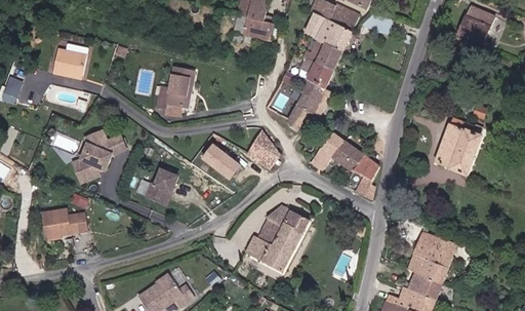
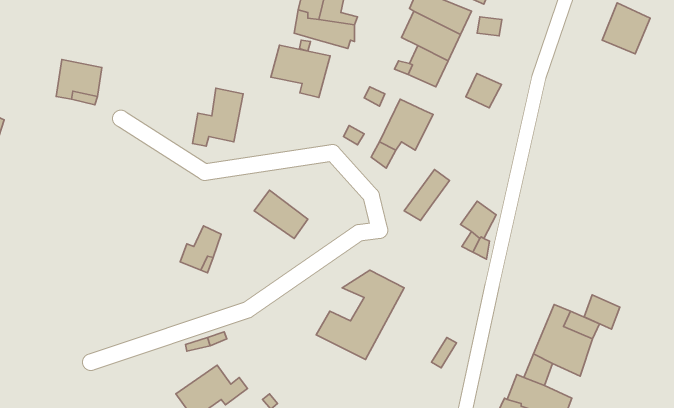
building: none -> [271,45,330,97]
building: [310,60,336,85] -> [466,74,502,108]
building: [438,123,486,176] -> none
building: [252,128,282,164] -> none
building: [69,131,120,184] -> none
building: [333,138,367,170] -> none
building: [41,208,87,243] -> none
building: [417,274,444,300] -> [584,295,620,329]

